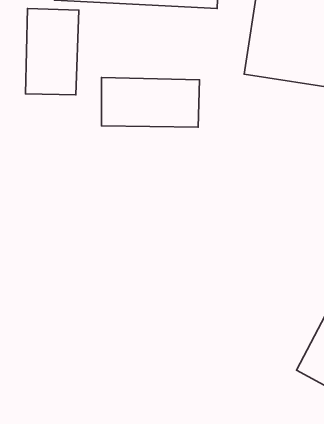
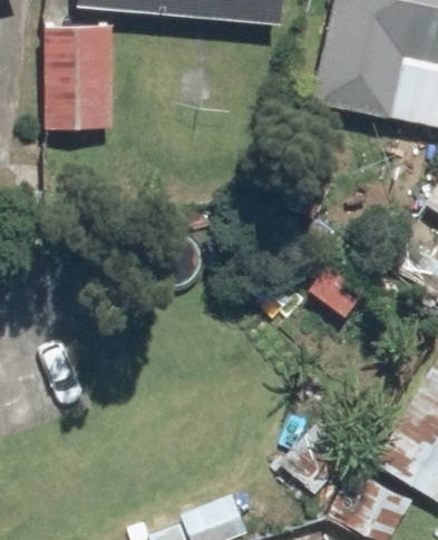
building: [101,78,199,127] -> none

